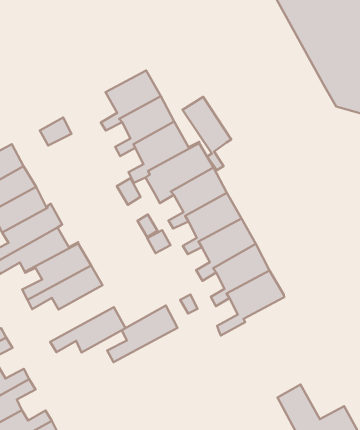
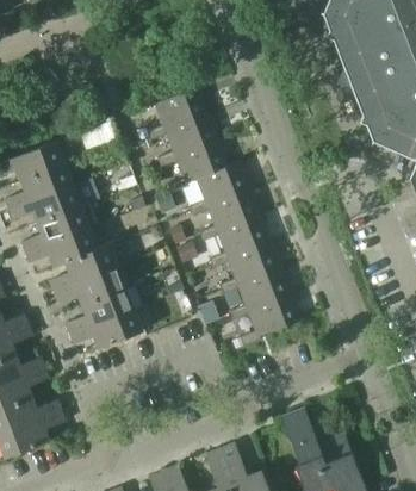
building: [183,97,231,170] -> none
building: [107,306,177,362] -> [64,287,135,335]

